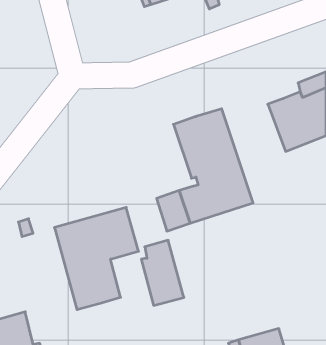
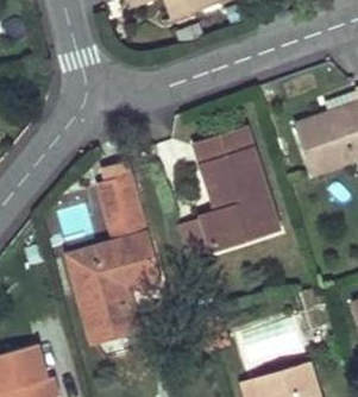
building: [141,240,184,305] -> [99,164,144,233]

